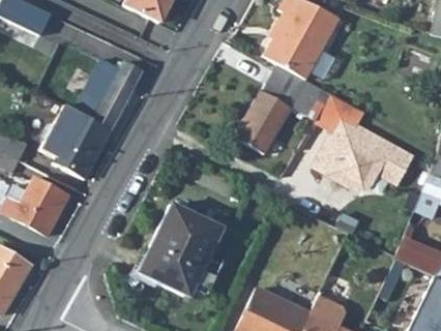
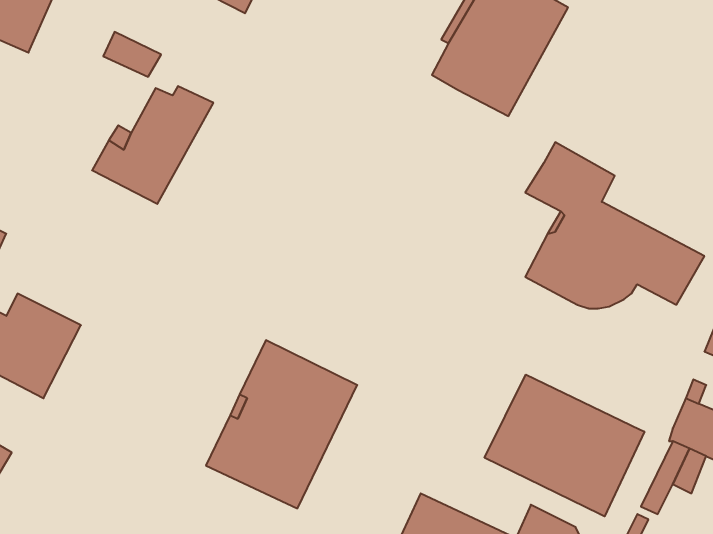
building: [235,65,331,154] -> none
building: [40,104,111,178] -> none
building: none -> [485,375,644,516]

